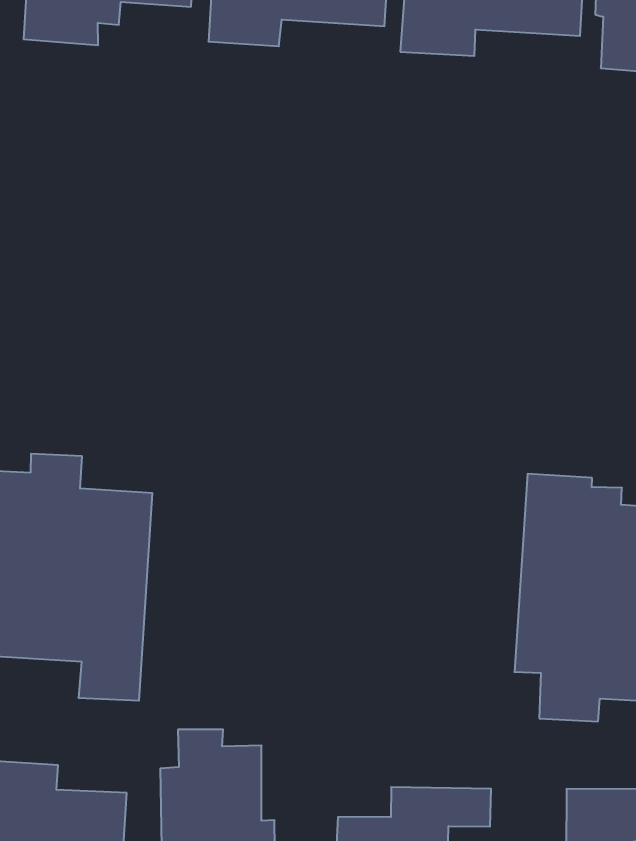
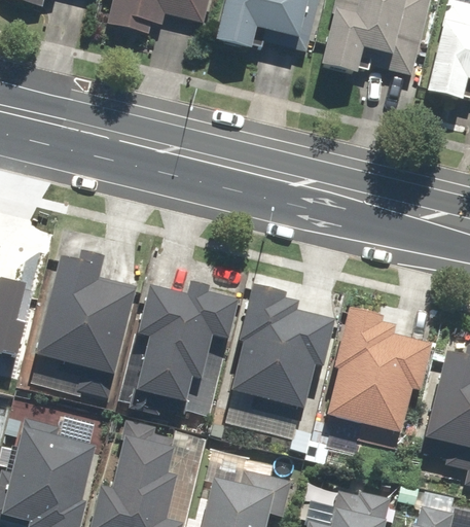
building: none -> [228,284,334,411]
building: none -> [120,282,241,415]

